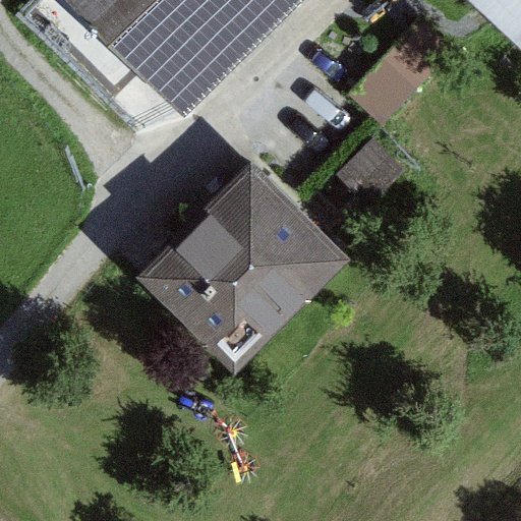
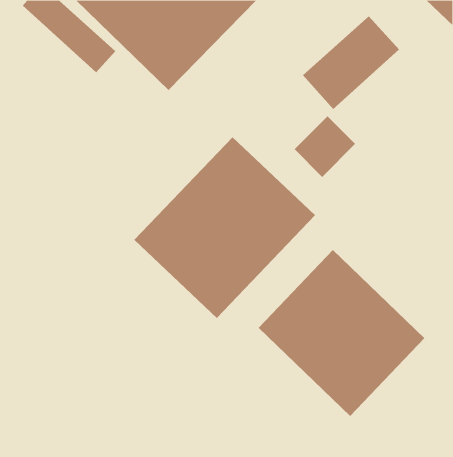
building: none -> [258,249,425,417]

